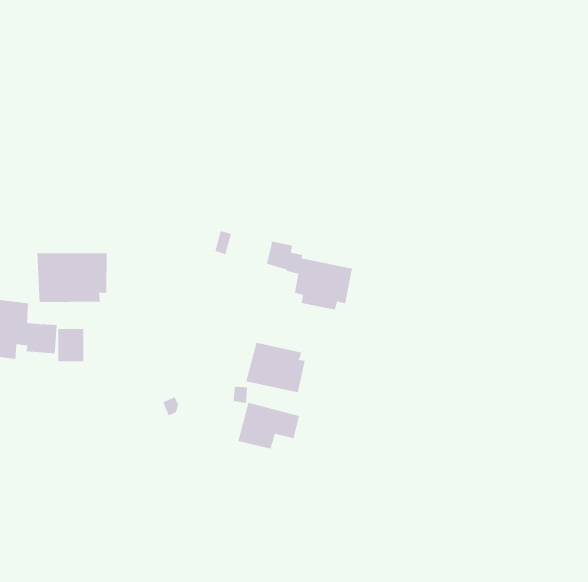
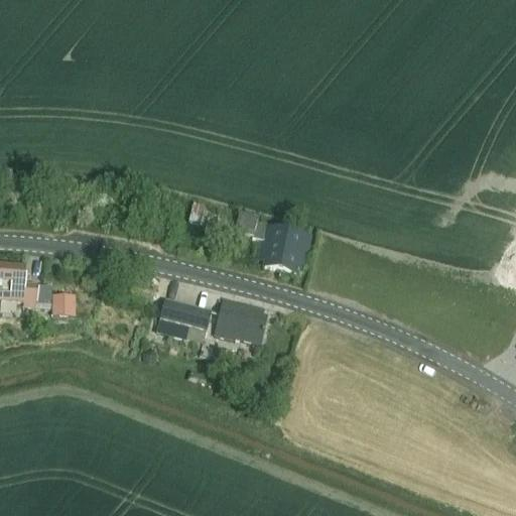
building: [37,252,107,303] -> none
building: [238,402,300,449] -> [155,297,210,339]

